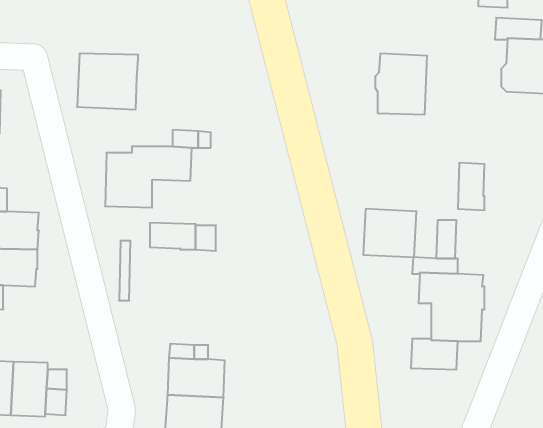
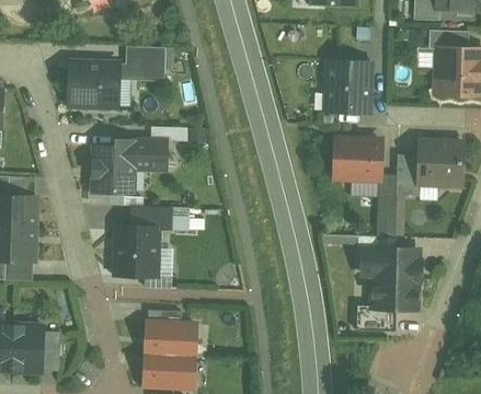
building: none -> [121,48,167,82]
building: none -> [419,141,463,186]
building: [363,209,417,257] -> [335,138,381,179]
building: none -> [116,225,158,276]

